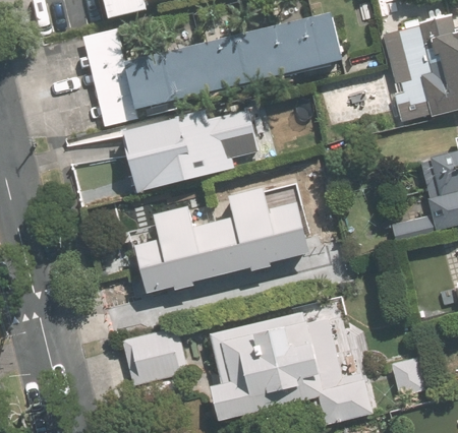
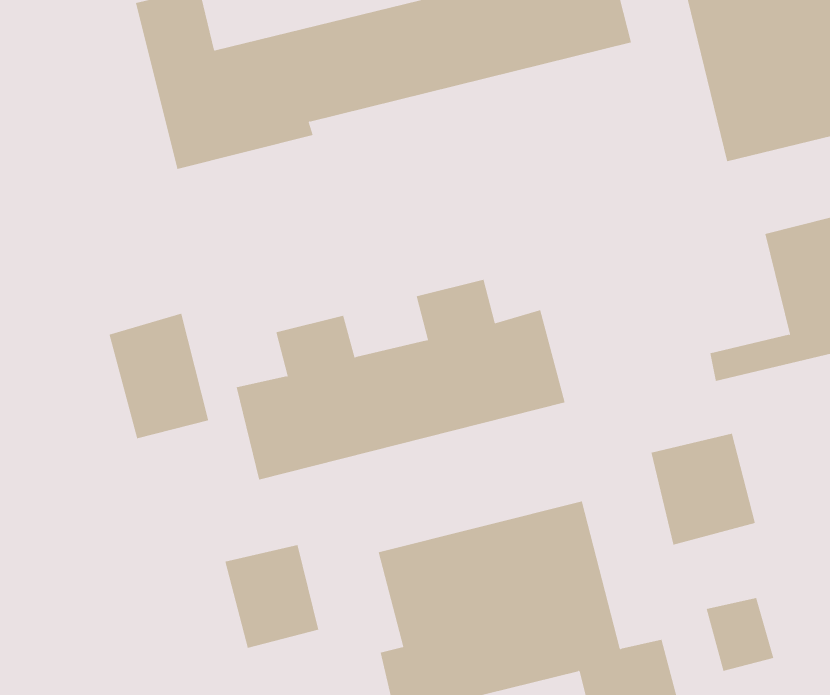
building: [121,108,260,192] -> none
building: none -> [109,313,209,439]
building: none -> [651,433,755,545]

